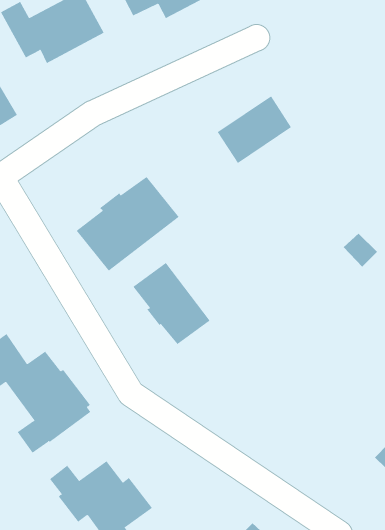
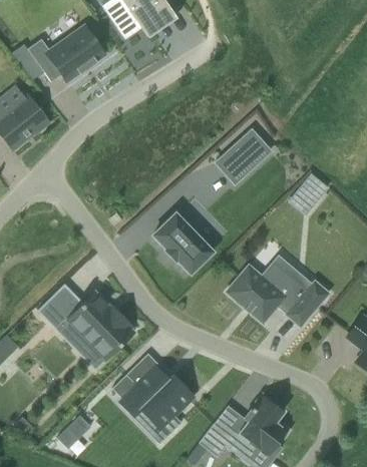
building: [217,95,292,164] -> [217,130,271,183]
building: [76,176,180,271] -> none
building: none -> [228,261,330,324]

